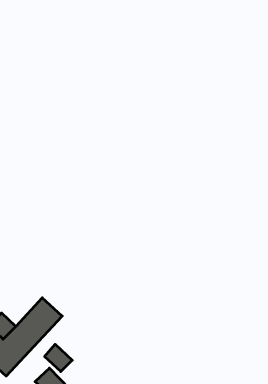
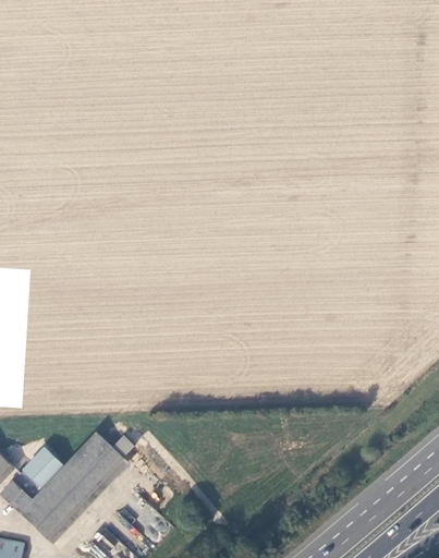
building: [45,344,72,372] -> none

